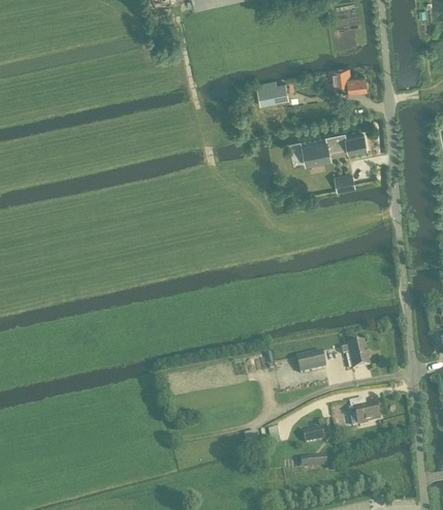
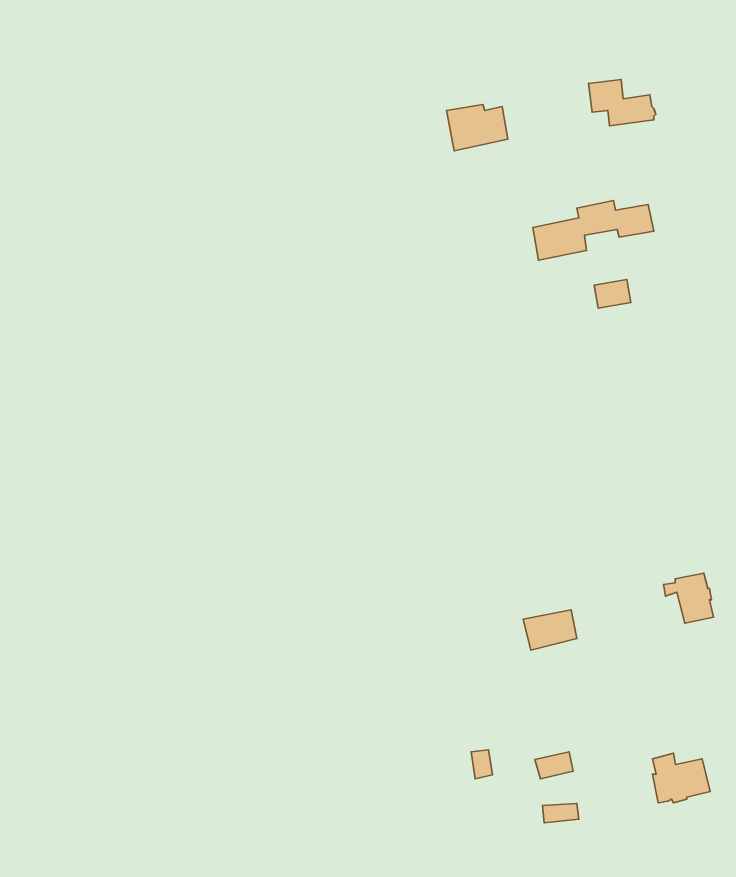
building: [342,341,369,368] -> [664,573,713,623]
building: [349,397,380,424] -> [652,753,710,803]

